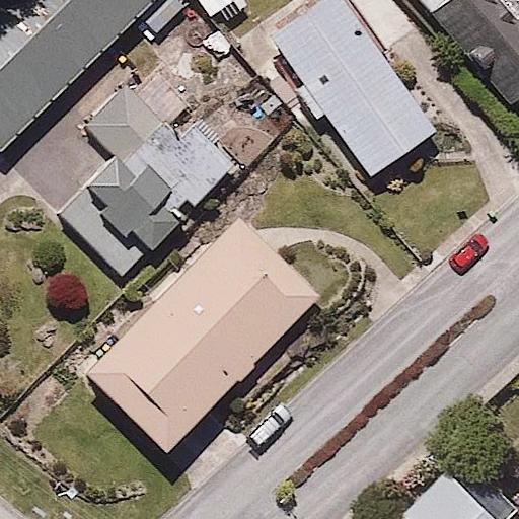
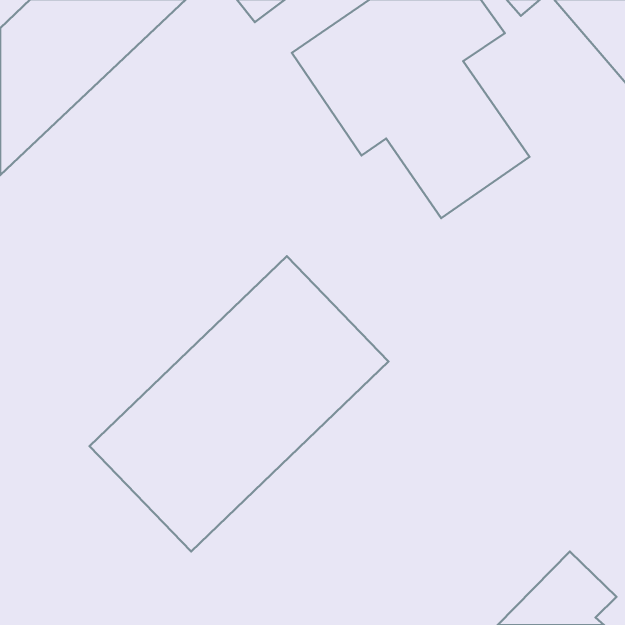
building: [62,82,236,274] -> none

